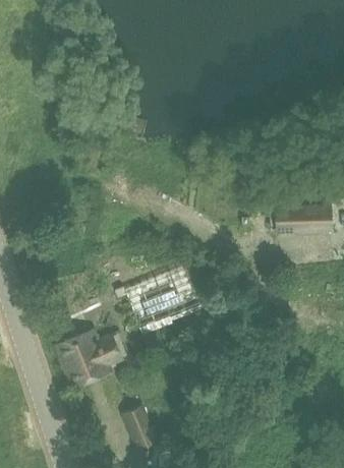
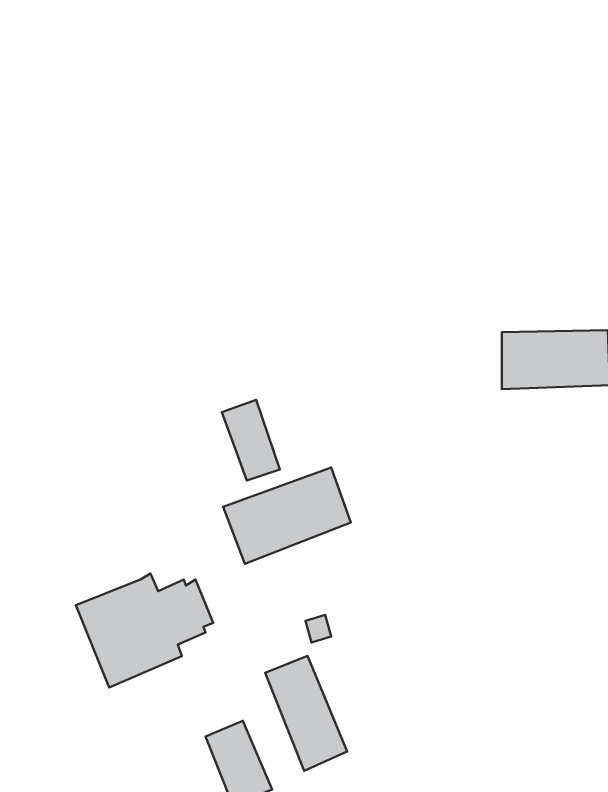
building: none -> [222,400,280,481]
building: none -> [265,656,347,771]

